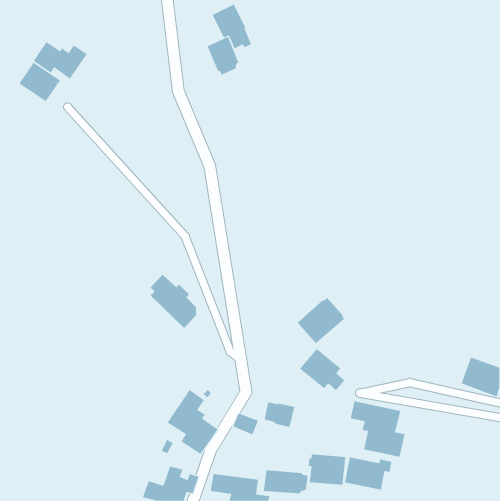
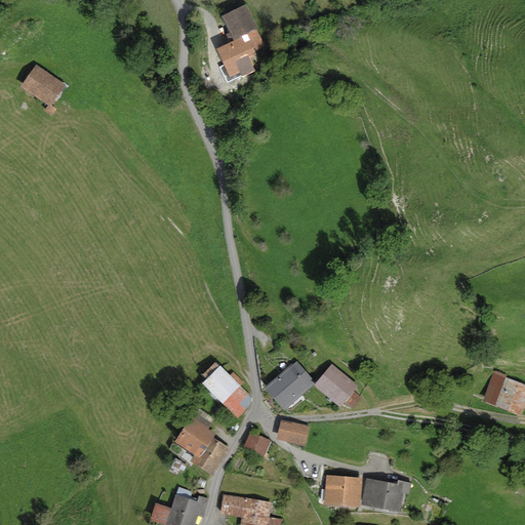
building: [33,41,88,79] -> none
building: [150,274,197,329] -> [201,361,250,418]
building: [297,297,345,344] -> [264,361,314,410]
building: [350,400,405,457] -> none
building: [263,469,308,494] -> none

